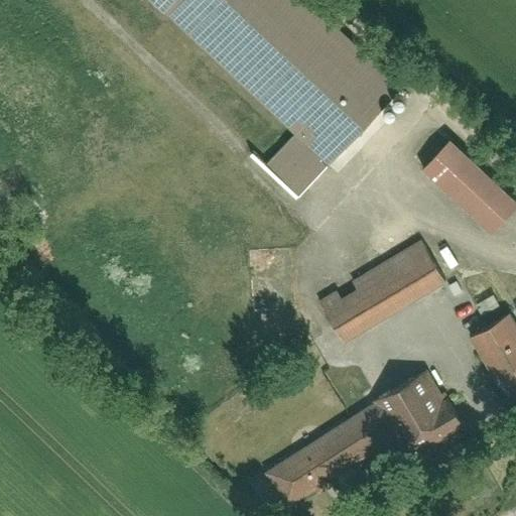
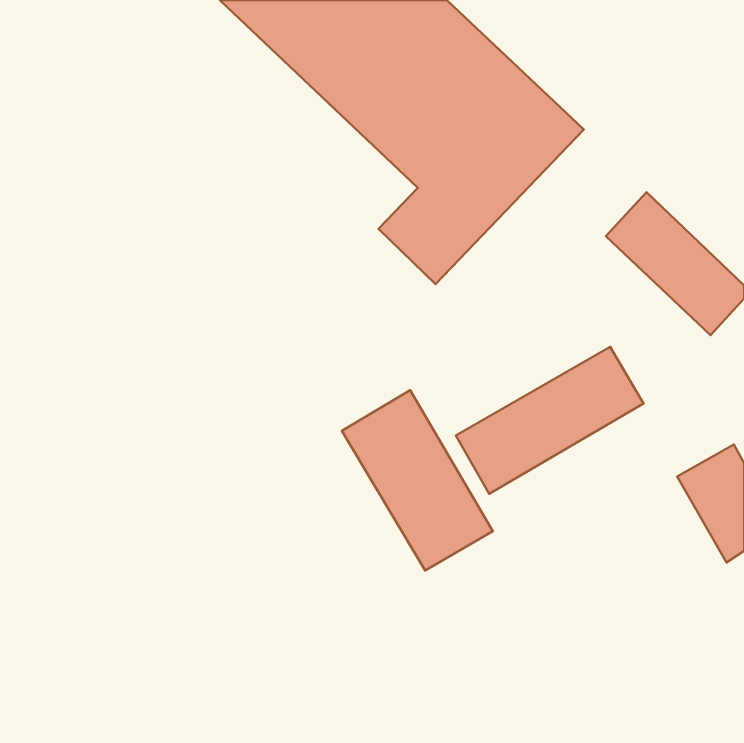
building: none -> [342,390,493,570]
building: [263,372,461,509] -> none

